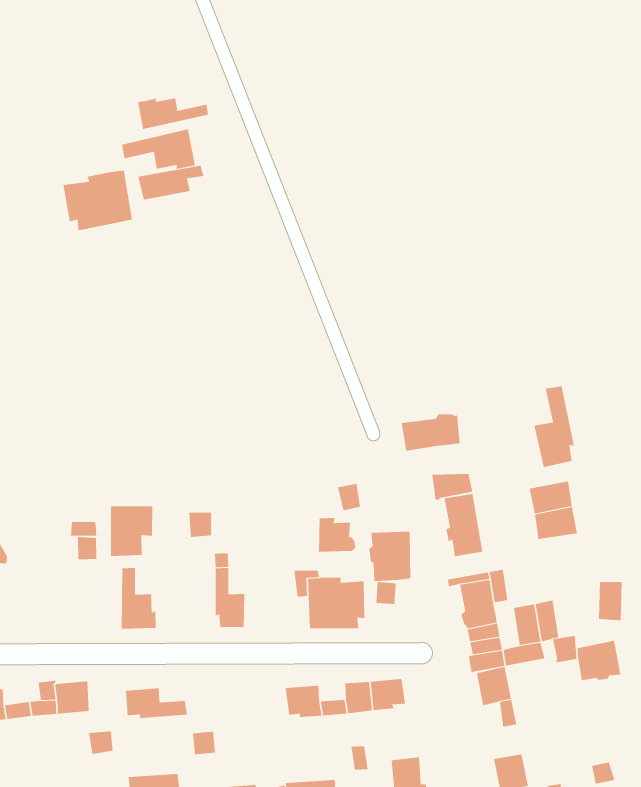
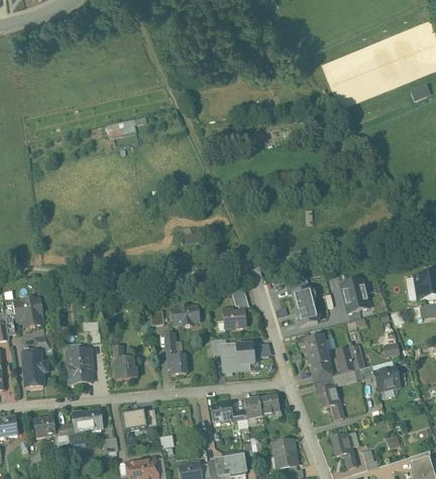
building: [138,97,208,130] -> none
building: [122,129,195,170] -> none
building: [63,170,132,231] -> none
building: [534,386,575,468] -> none
building: [401,413,460,451] -> none
building: [110,506,153,556] -> [67,353,92,383]
building: none -> [171,304,199,325]
building: [369,531,411,582] -> none

